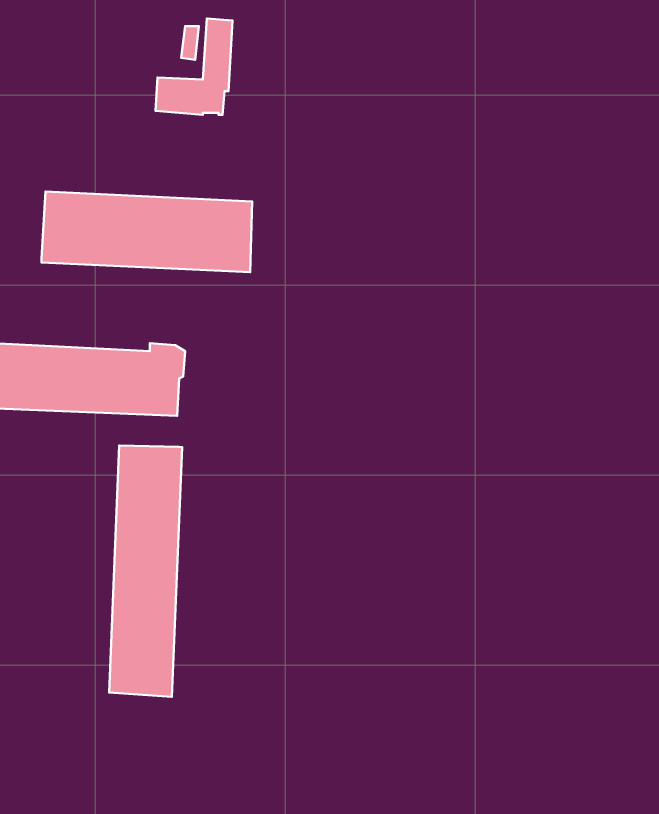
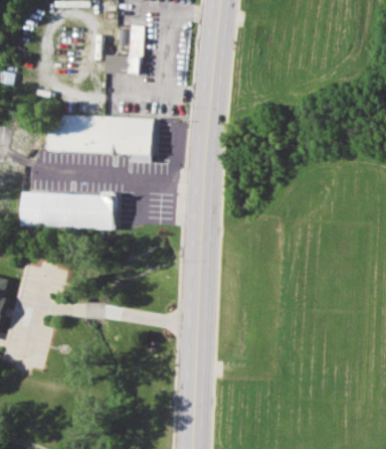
building: [109,445,182,697] -> none

